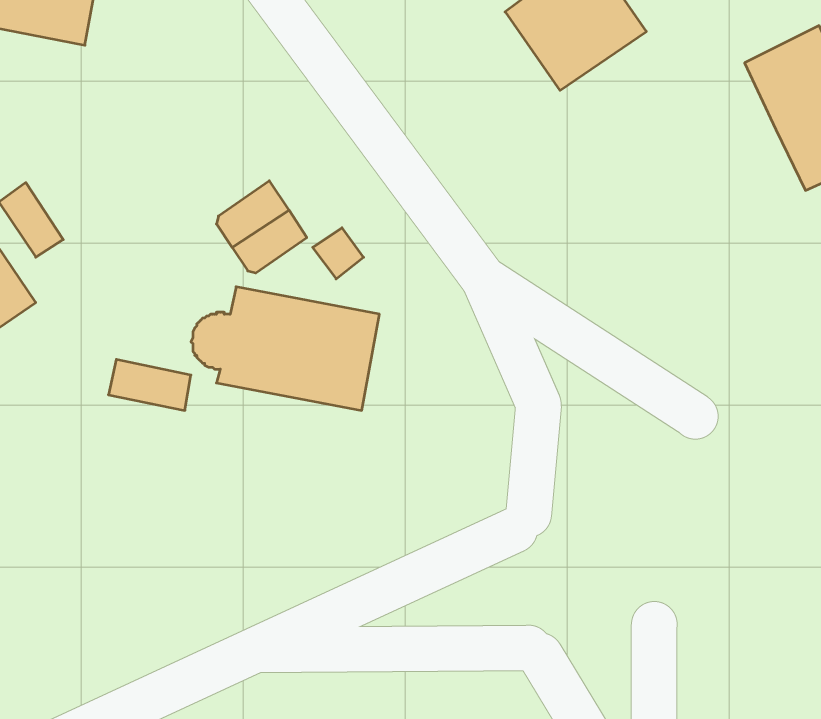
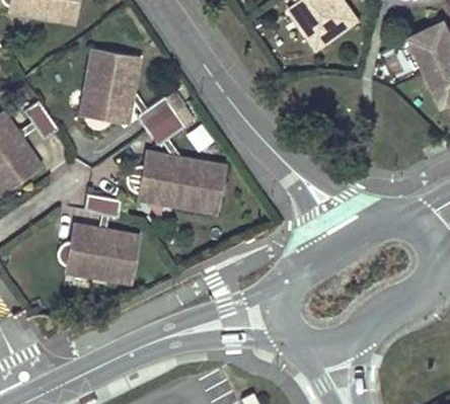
building: none -> [77,51,139,131]
building: none -> [50,220,132,280]

